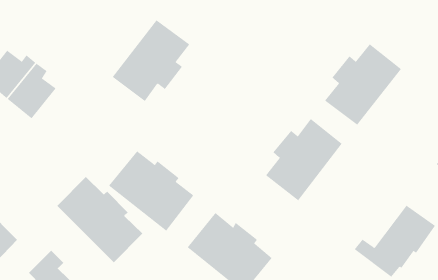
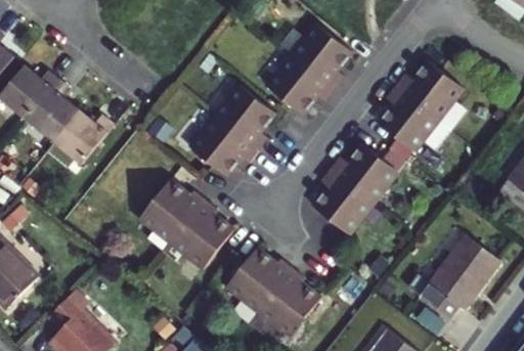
building: none -> [265,23,352,114]
building: [112,20,190,102] -> [188,84,275,175]
building: none -> [52,109,114,167]
building: [57,176,143,263] -> none

